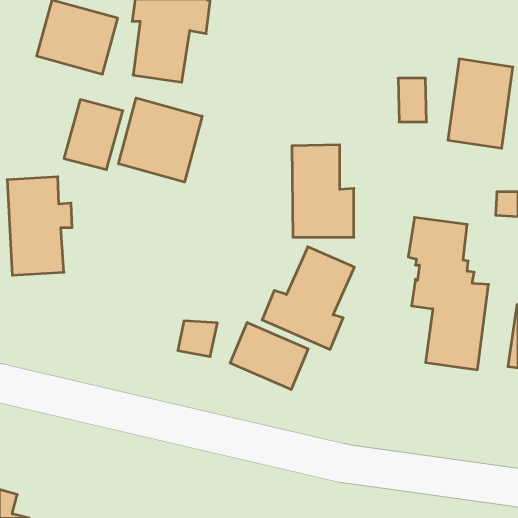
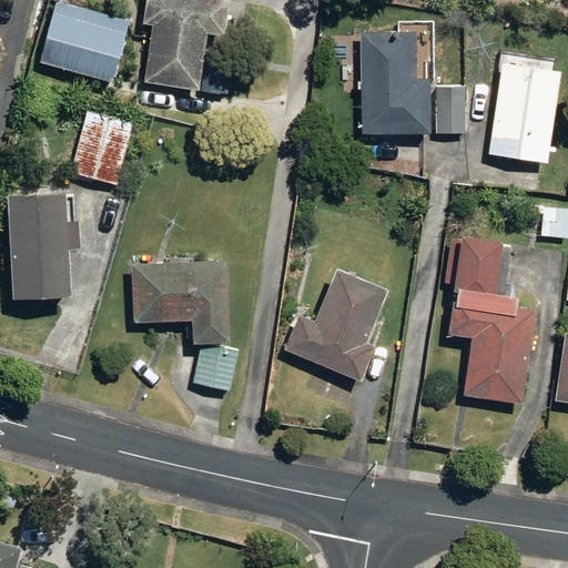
building: [119,98,202,182] -> none
building: [292,145,354,237] -> [362,32,429,133]
building: none -> [132,262,226,346]
building: [230,322,308,390] -> none

